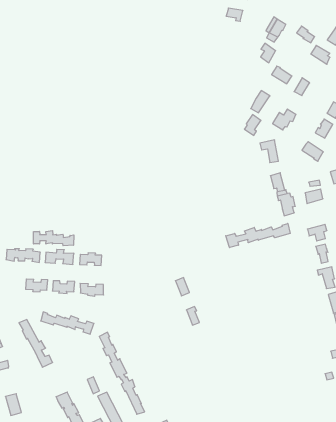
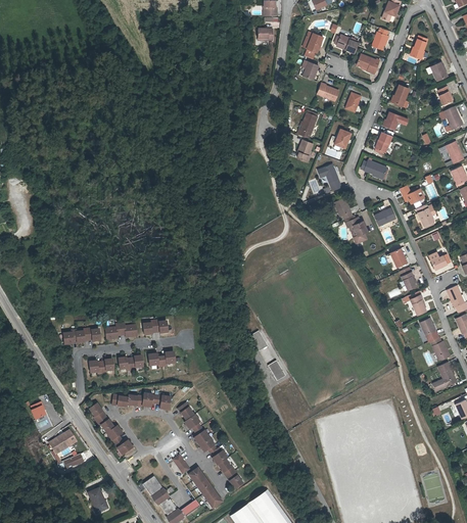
building: [226,223,290,248] -> none
building: [34,231,74,246] -> none

